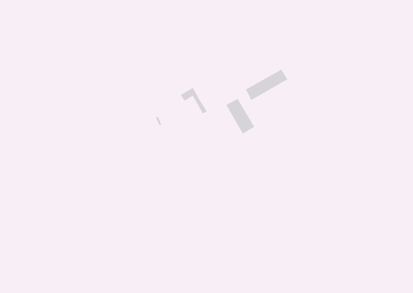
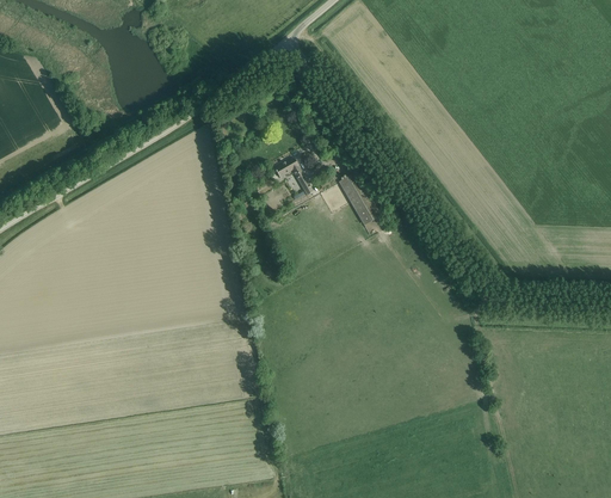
building: [245,69,288,101] -> none

